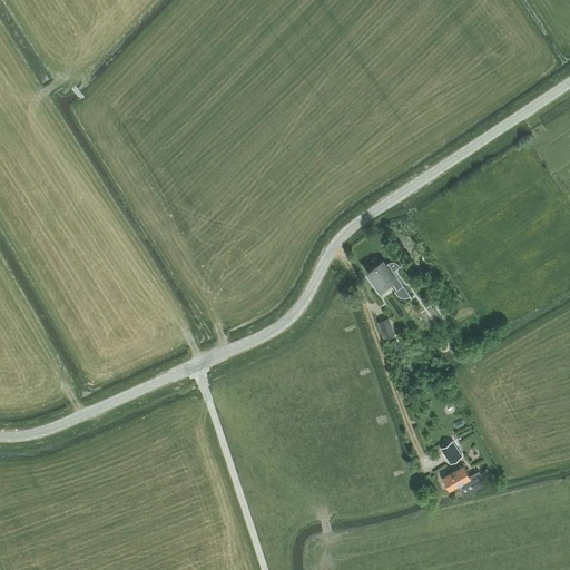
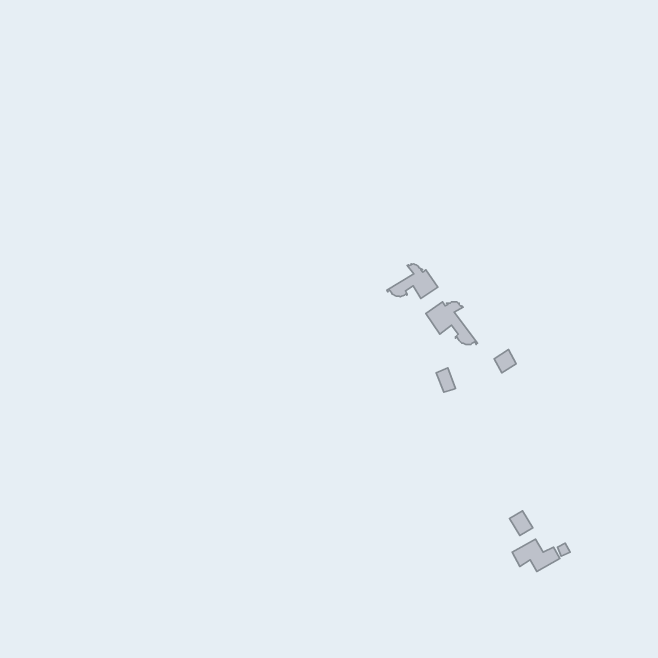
building: none -> [387,264,438,299]

